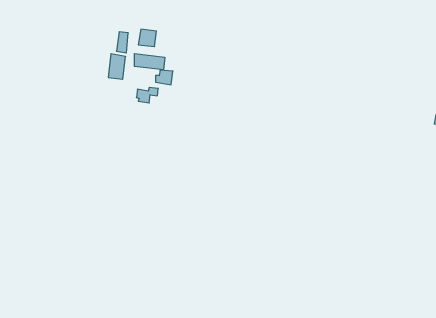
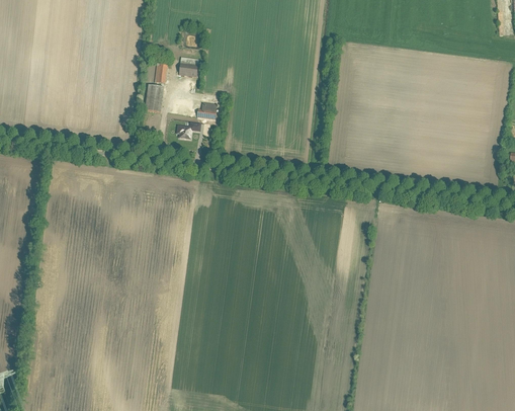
building: [134,54,165,70] -> none

